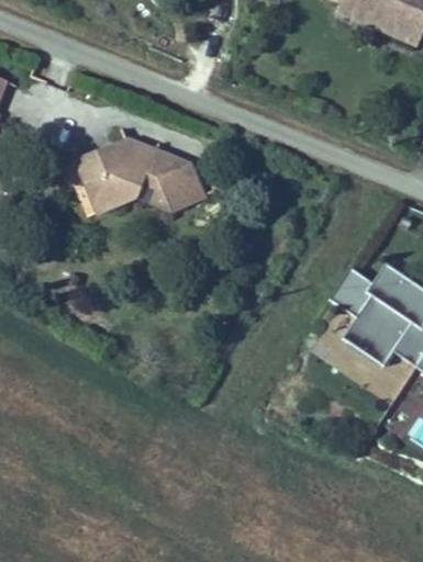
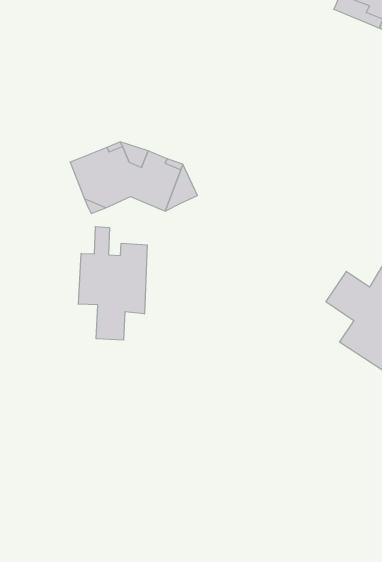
building: none -> [78,227,147,340]

